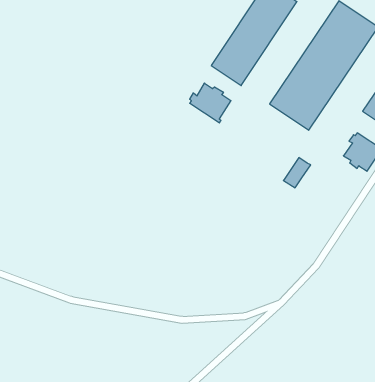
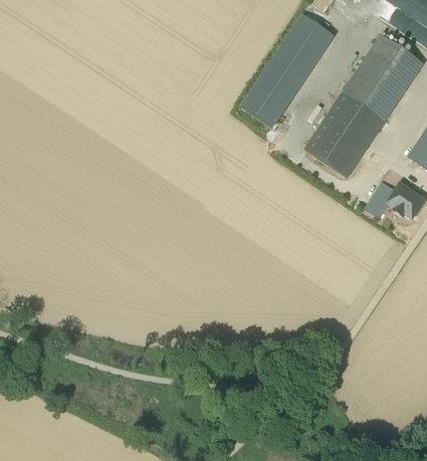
building: [190,83,231,123] -> none
building: [283,158,311,188] -> [365,183,395,216]

